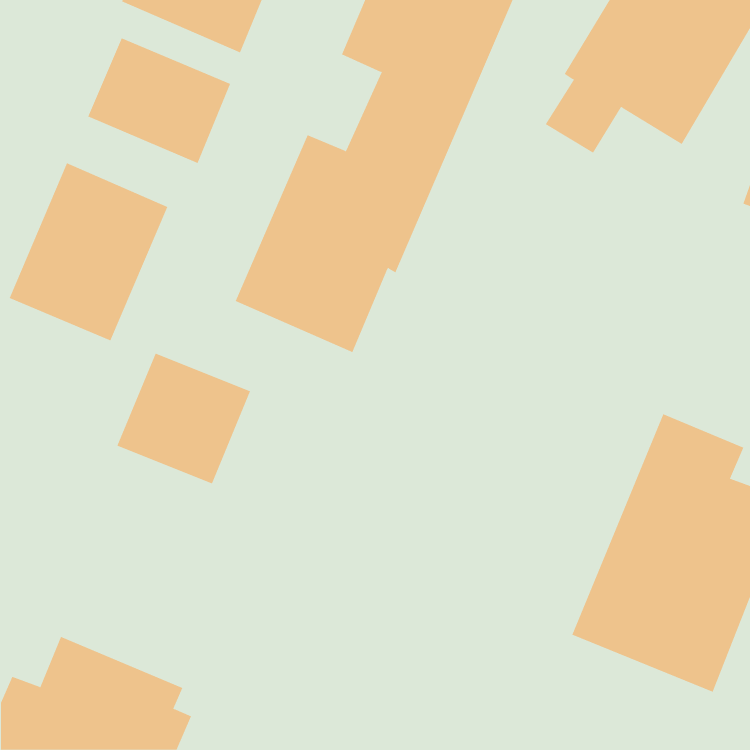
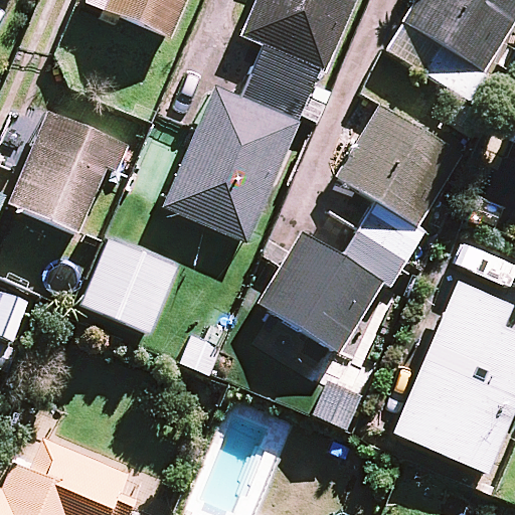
building: [87,38,231,164] -> none
building: none -> [261,107,459,356]

